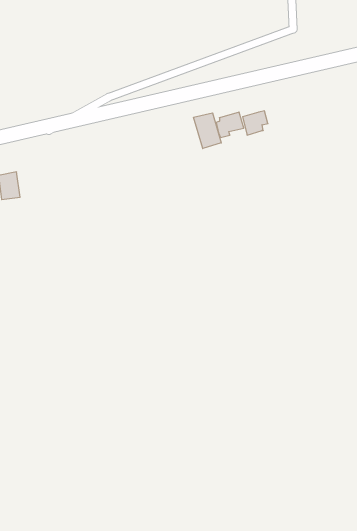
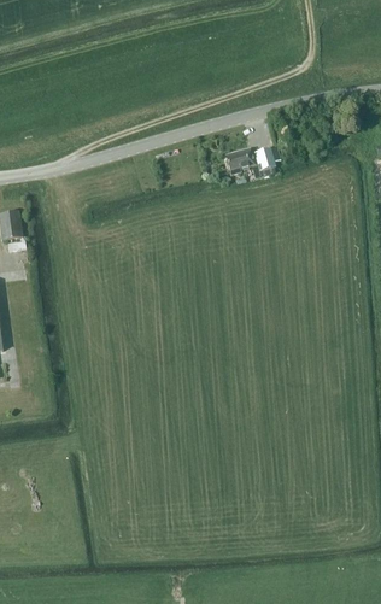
building: [194,113,221,149] -> none

